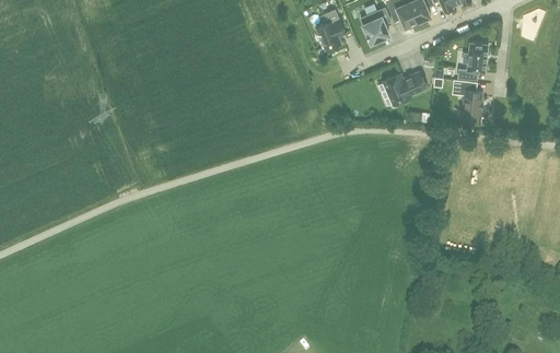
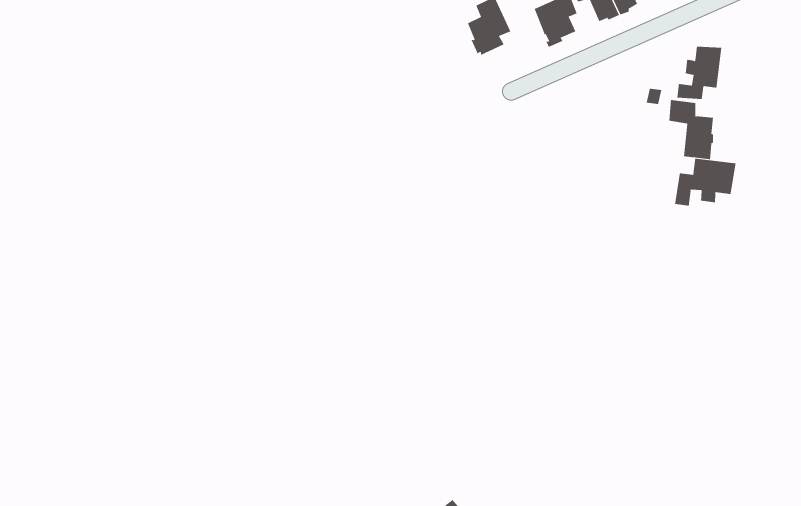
building: [383,71,427,104] -> none
building: none -> [674,158,736,207]

